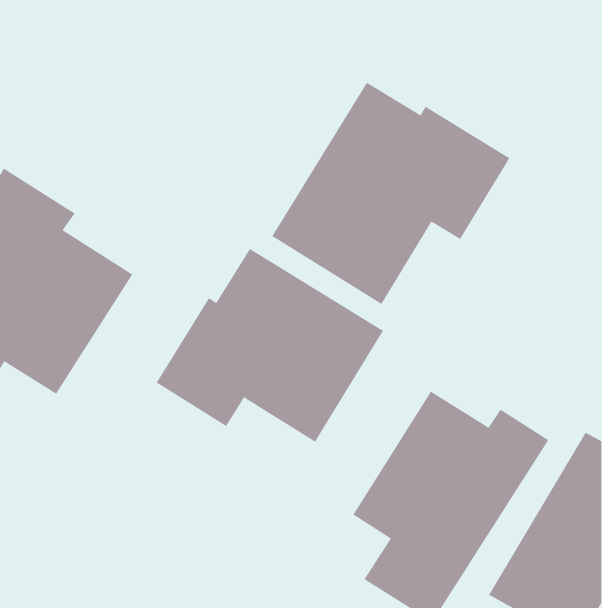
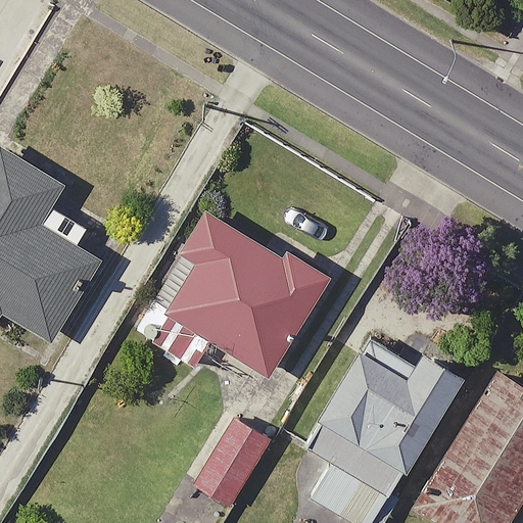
building: [271,82,510,305] -> none
building: none -> [192,420,270,508]

